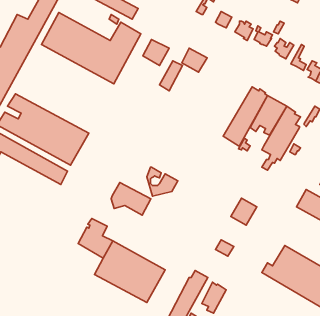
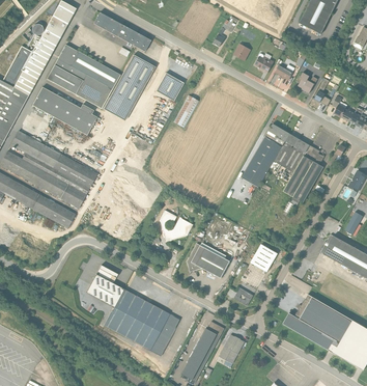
building: [182,48,207,72] -> none
building: none -> [32,86,96,135]
building: [111,182,151,215] -> [188,243,230,278]

